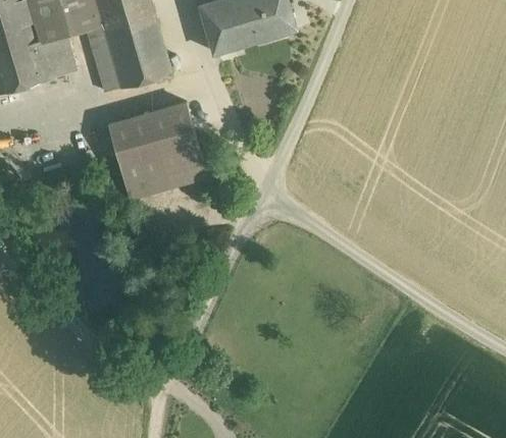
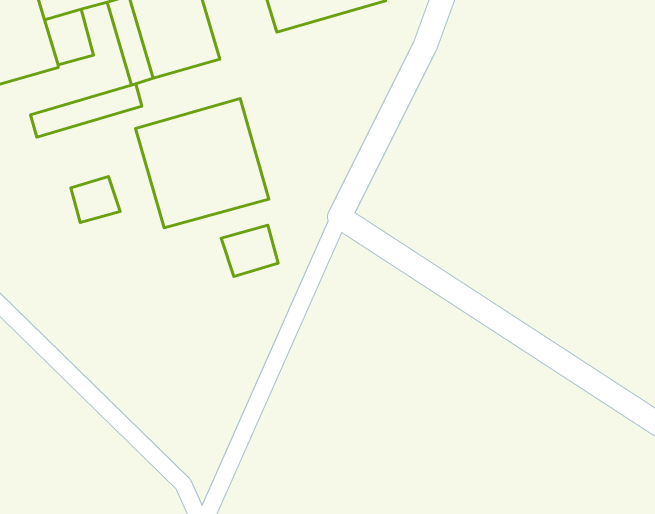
building: none -> [31,84,142,137]
building: none -> [71,176,120,223]
building: none -> [221,225,278,276]

